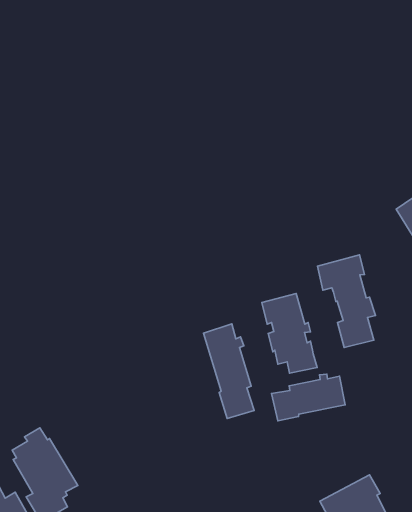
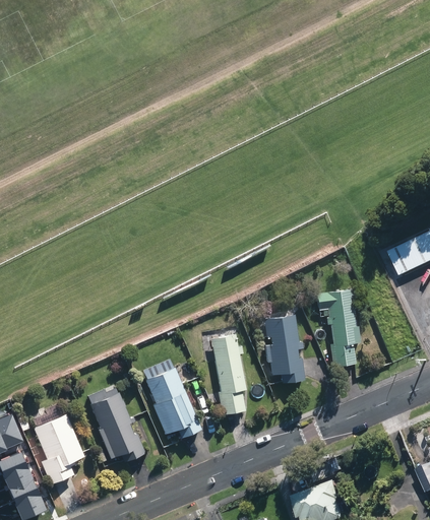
building: none -> [141,359,201,438]
building: [272,374,345,421] -> none
building: none -> [87,387,145,461]

